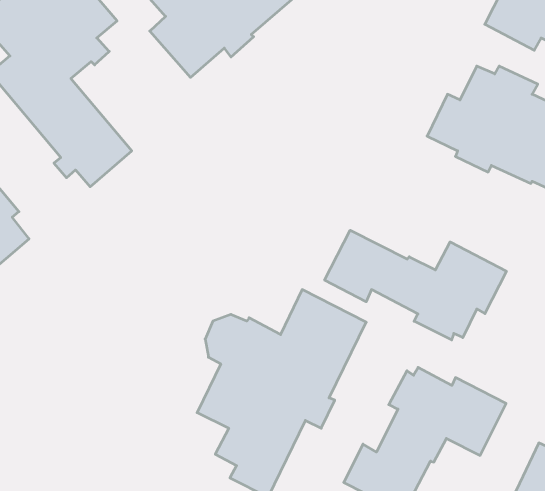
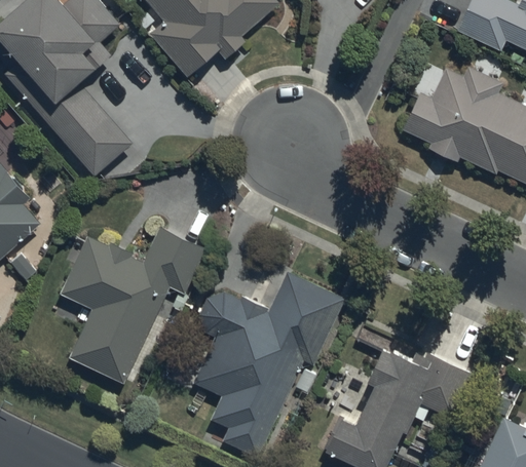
building: [325,230,506,340] -> none
building: none -> [60,226,208,383]

